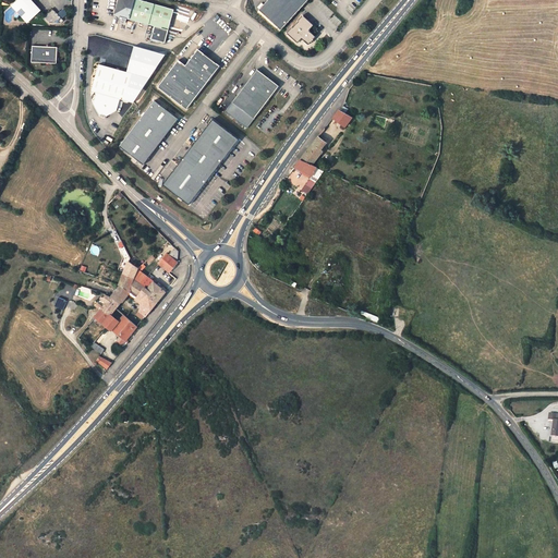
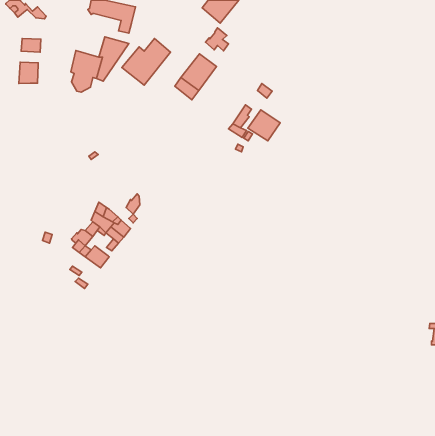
building: [288,13,317,43] -> [206,28,229,51]
building: none -> [19,62,38,83]
building: [119,99,178,163] -> none
building: [162,119,239,205] -> none
building: none -> [248,110,280,141]

